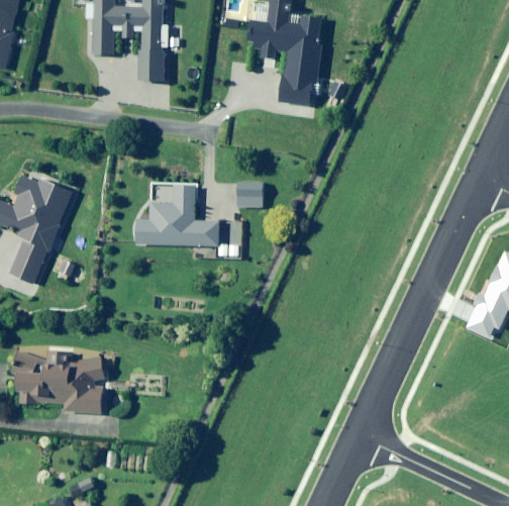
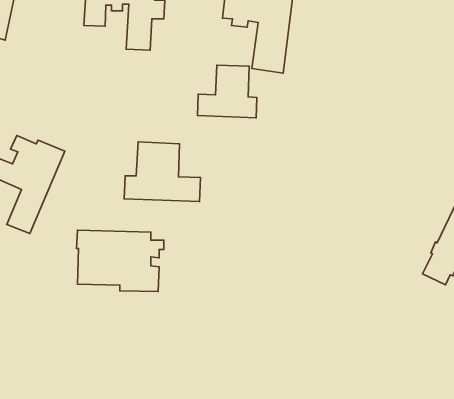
building: none -> [197,65,257,118]
building: [235,182,262,207] -> none
building: [16,345,112,413] -> [77,230,164,292]

